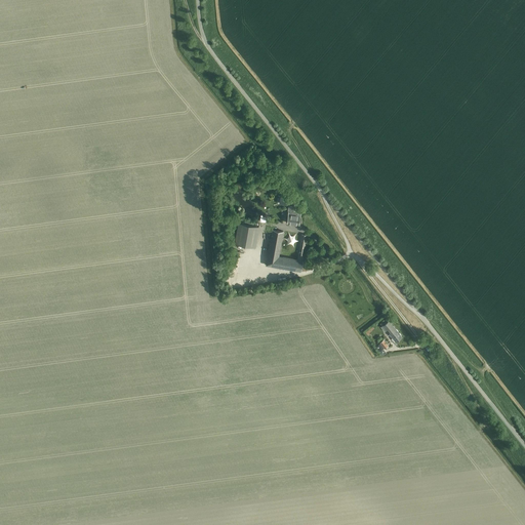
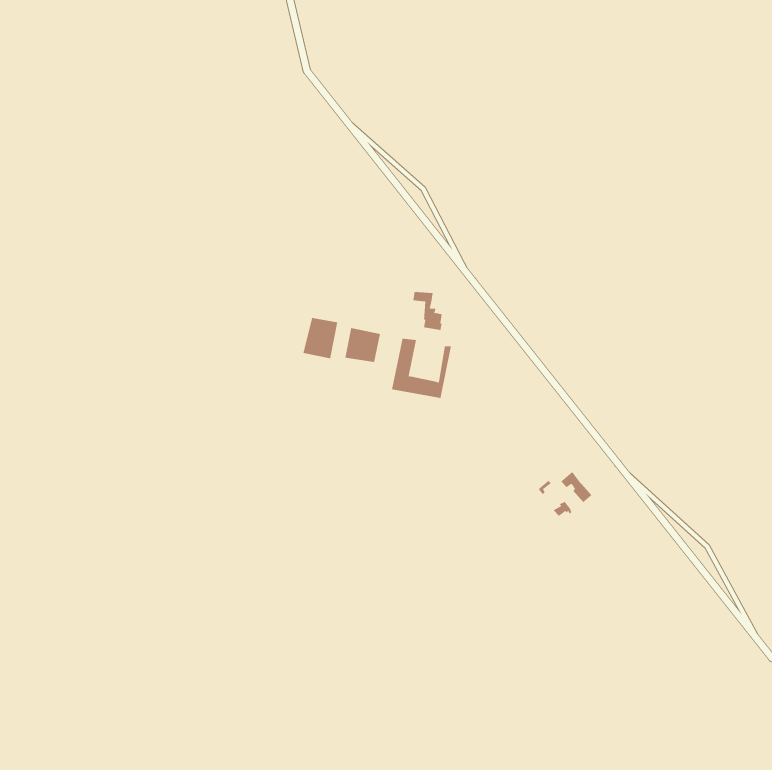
building: none -> [303,317,338,359]

